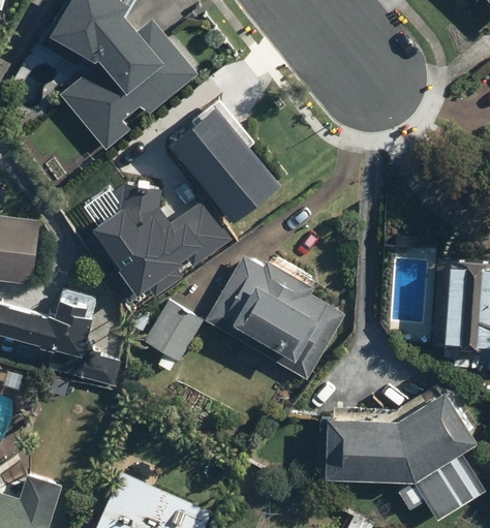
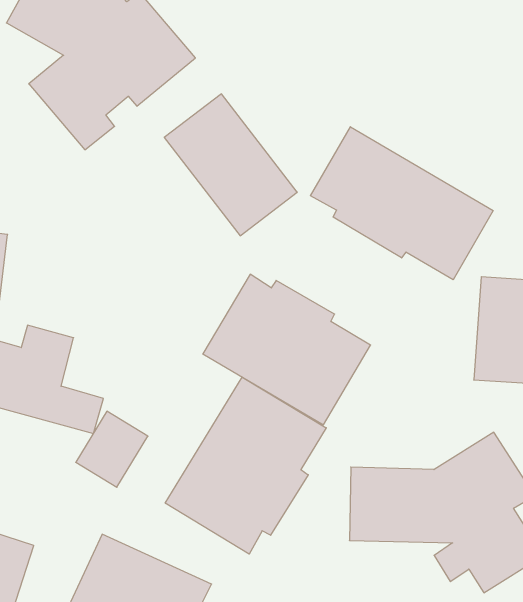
building: none -> [310,127,493,280]
building: [88,193,222,300] -> none
building: [143,299,203,362] -> [76,411,148,487]
building: none -> [165,377,326,554]

